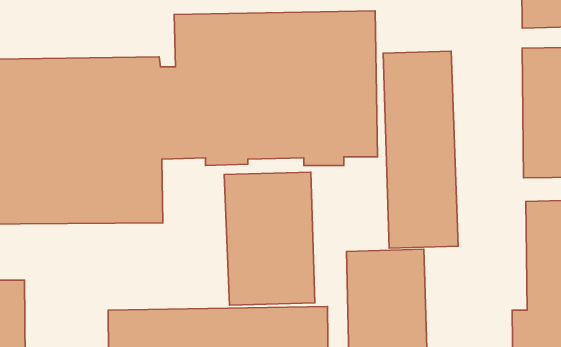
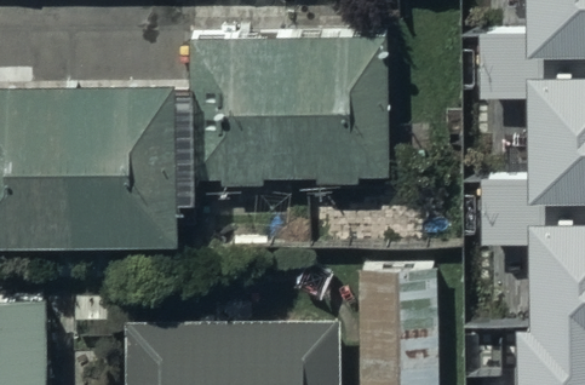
building: [383,51,458,248] -> none
building: [224,172,315,305] -> none

